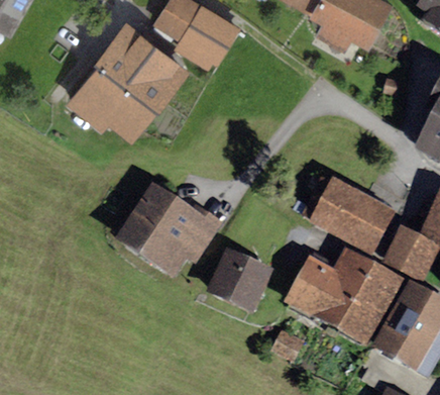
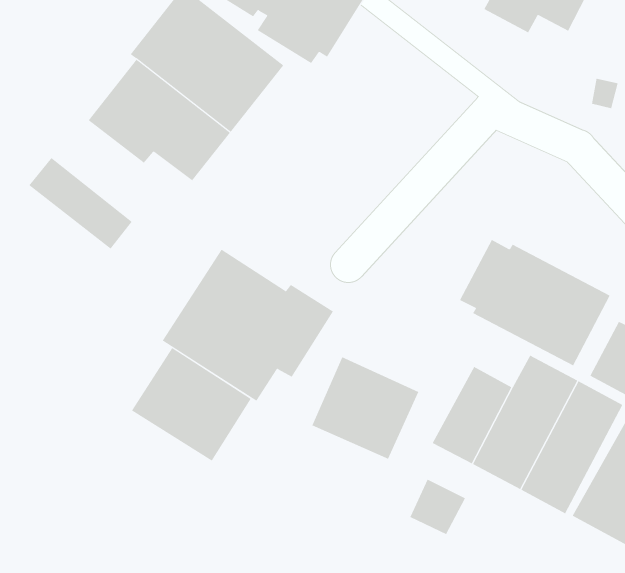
building: none -> [28,157,132,250]
building: none -> [131,347,251,461]

